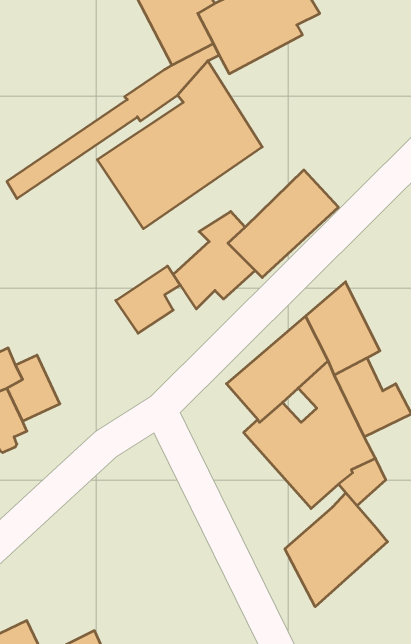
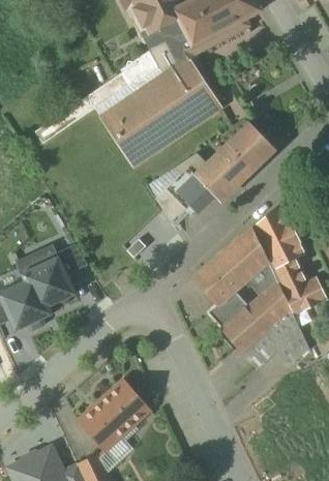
building: [116,266,180,333] -> none
building: [285,493,388,607] -> none
building: none -> [78,380,151,451]

